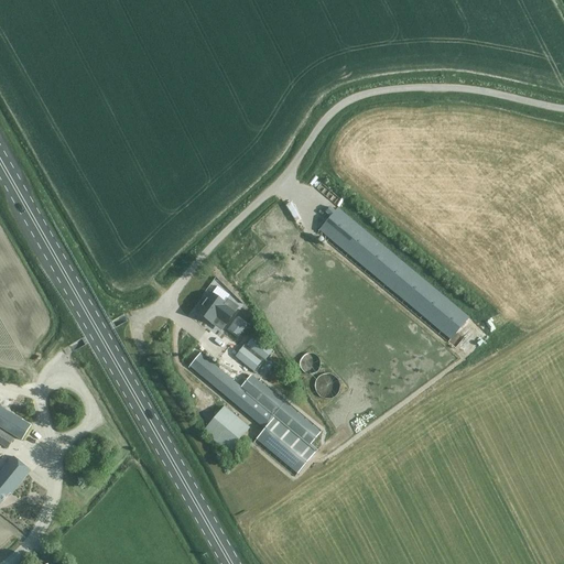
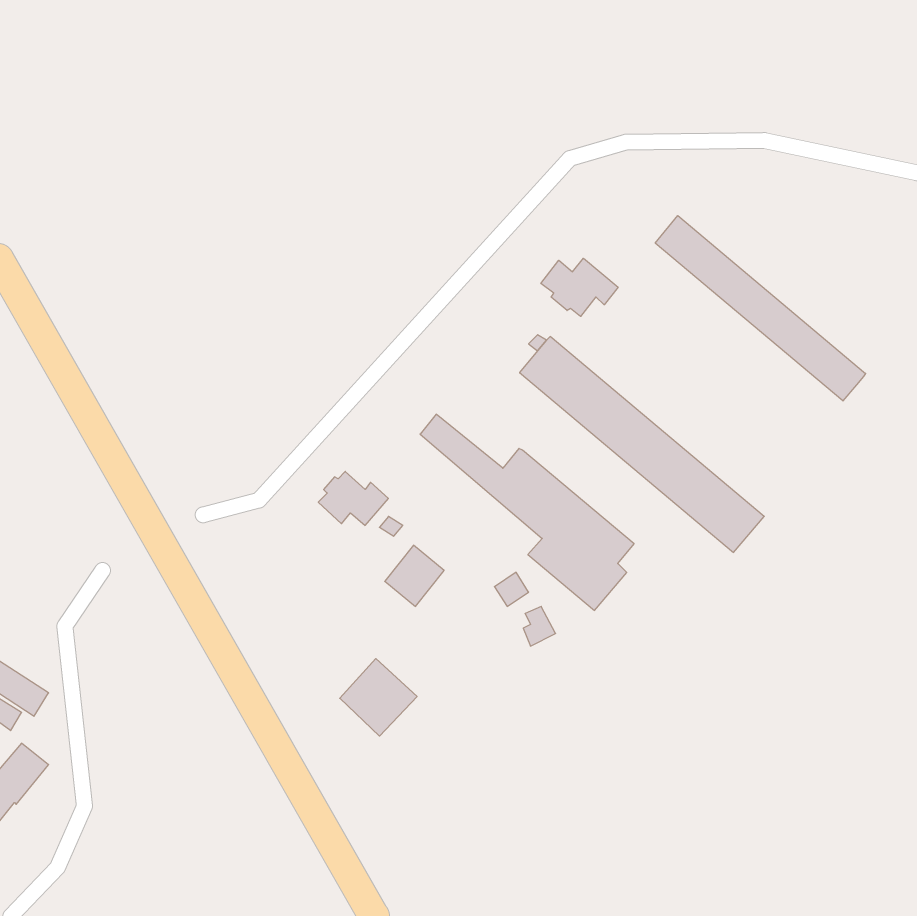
building: none -> [655,216,866,401]
building: none -> [541,258,618,316]
building: [189,351,321,471] -> [420,414,634,610]

